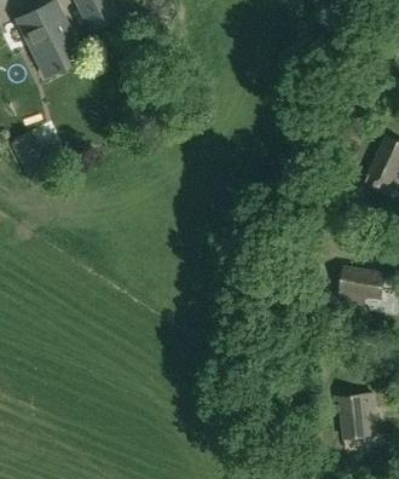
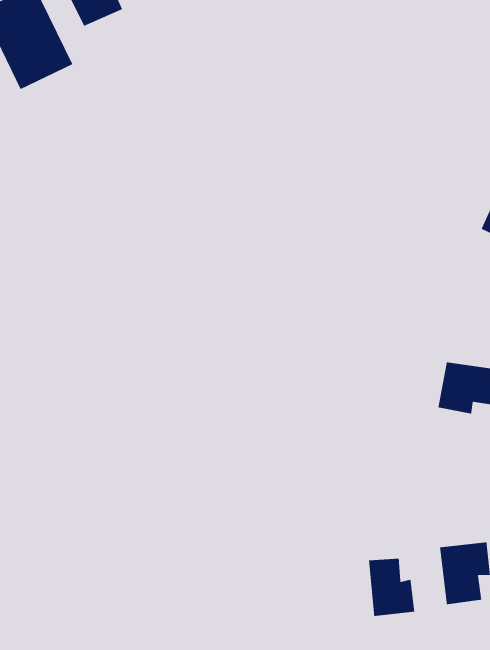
building: none -> [368,558,415,617]

